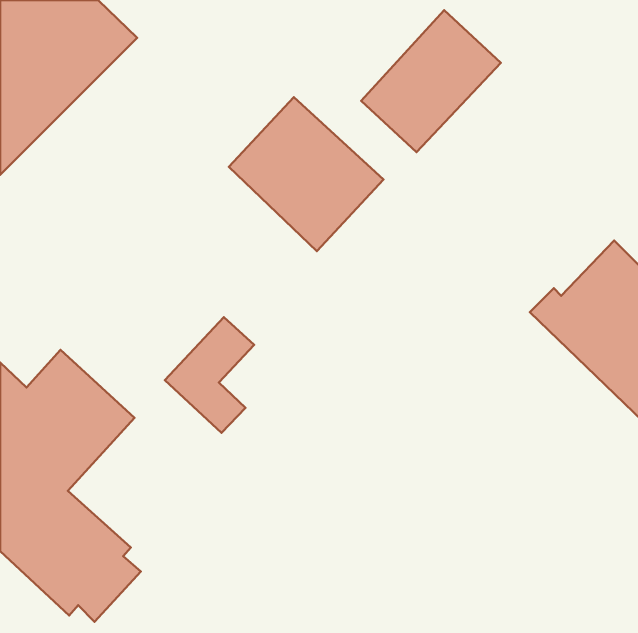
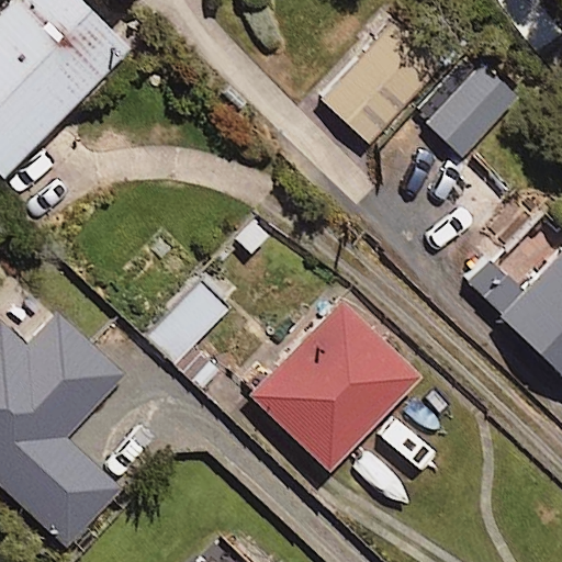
building: none -> [426,66,517,157]
building: [229,97,383,251] -> none
building: none -> [247,297,416,469]

